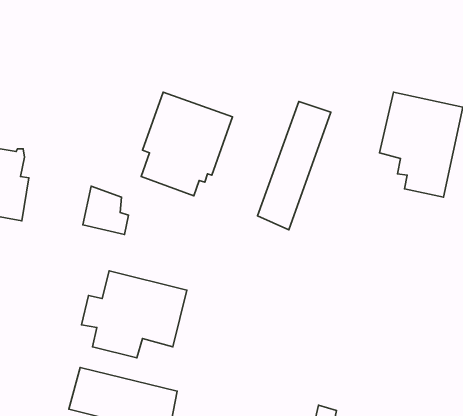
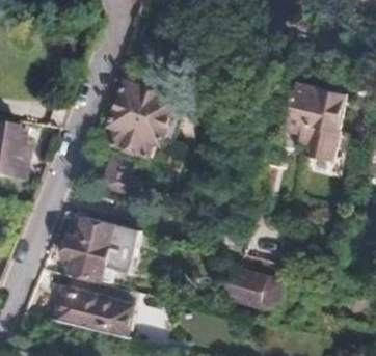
building: [257,101,331,230] -> none
building: [83,186,129,235] -> [106,155,140,191]
building: none -> [243,272,285,309]

